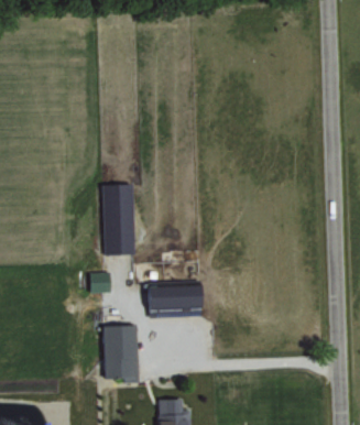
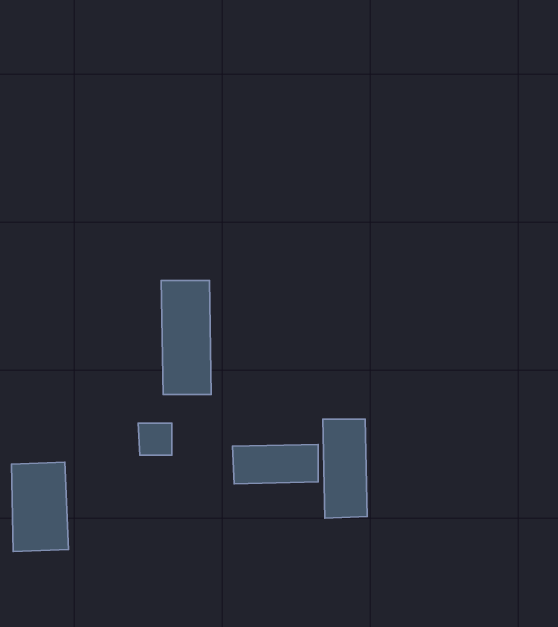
building: none -> [323,419,367,518]
building: [103,326,139,381] -> [11,462,68,551]

